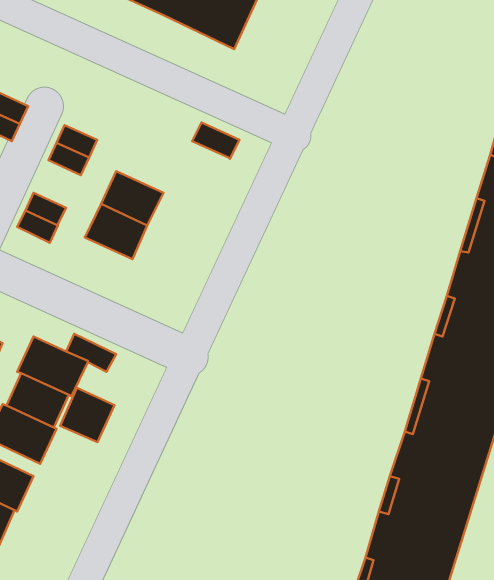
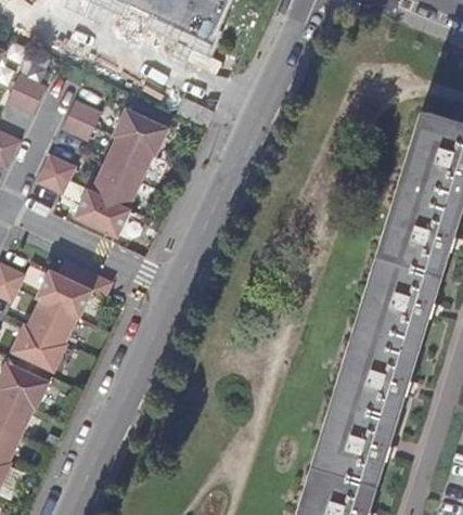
building: none -> [113,107,169,156]
building: none -> [75,189,131,237]
building: [60,388,115,442] -> none

